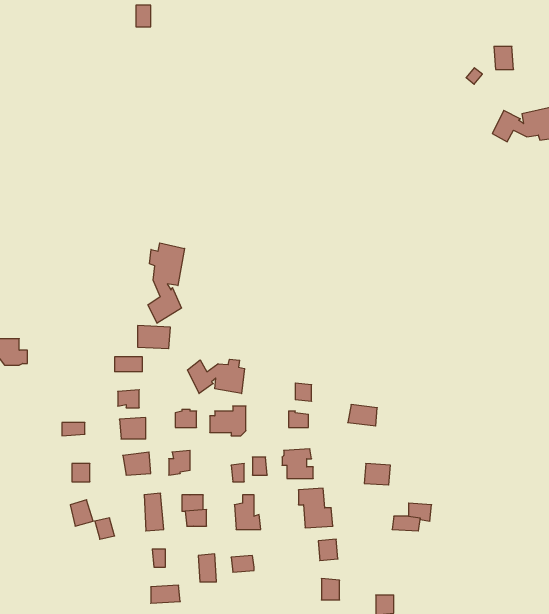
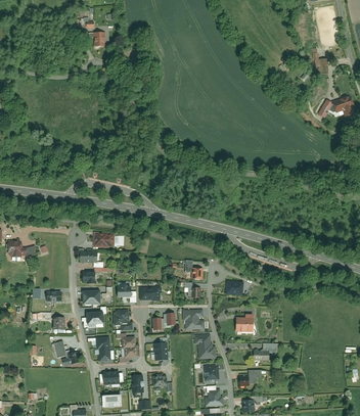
building: [148,243,185,323] -> none
building: [188,359,245,394] -> none

